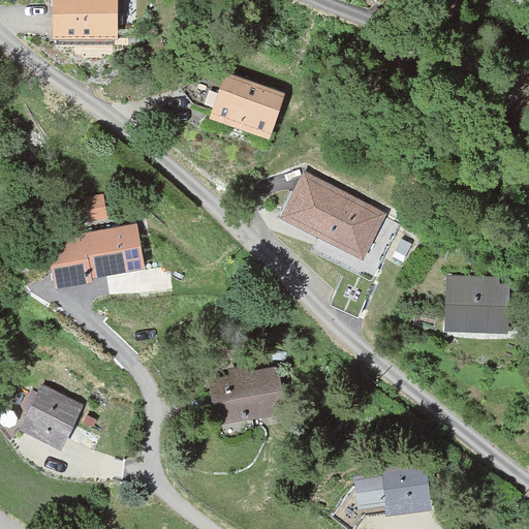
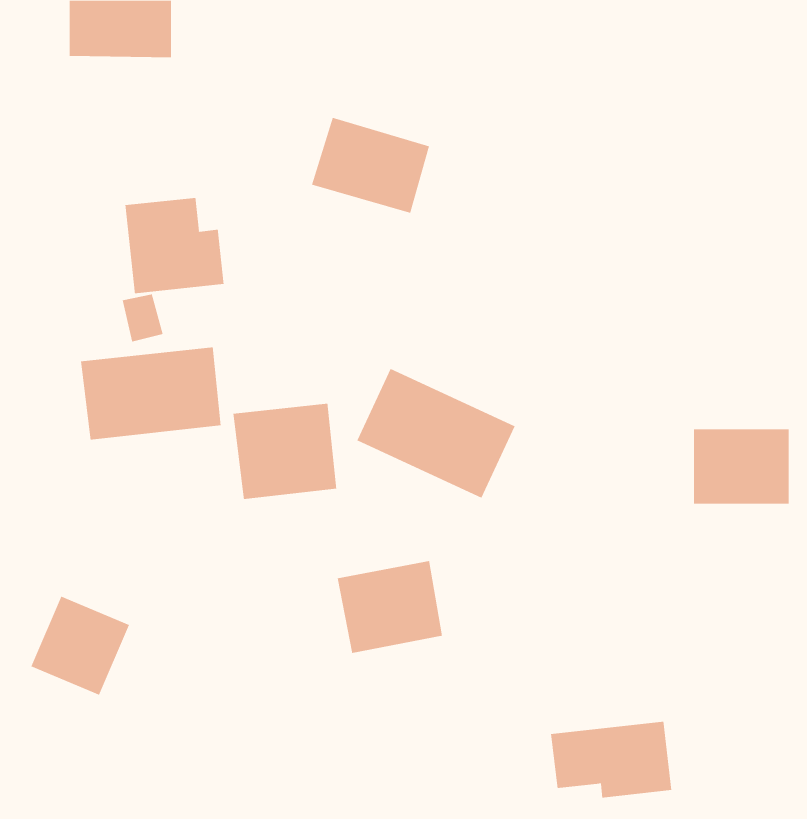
building: none -> [125,197,224,294]
building: [281,170,383,254] -> [357,368,515,498]
building: none -> [233,403,337,500]

